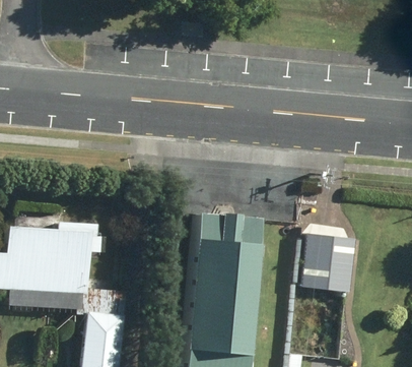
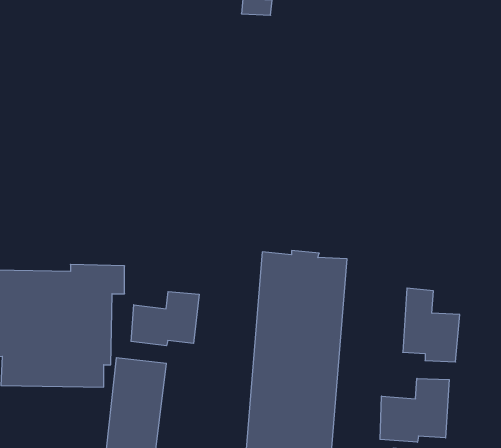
building: none -> [131,292,199,346]
building: none -> [380,378,449,442]

